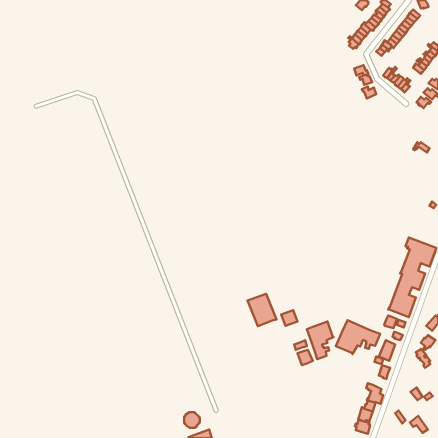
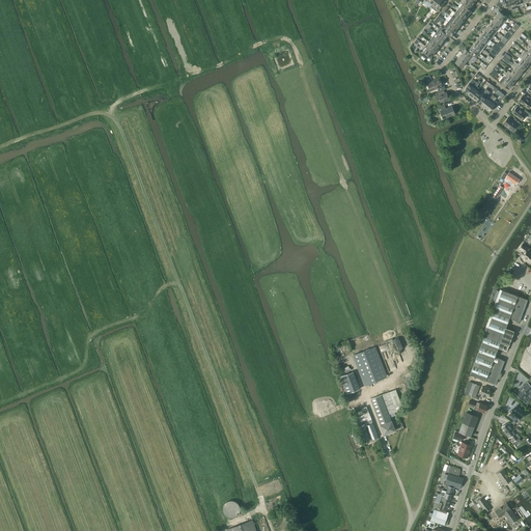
building: [247,294,277,326] -> [353,346,388,386]
building: [336,320,380,354] -> none

